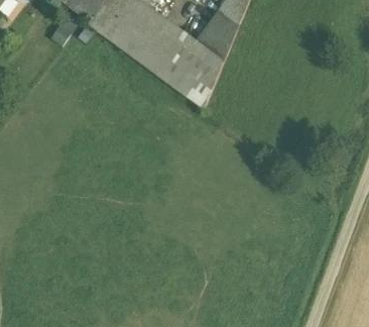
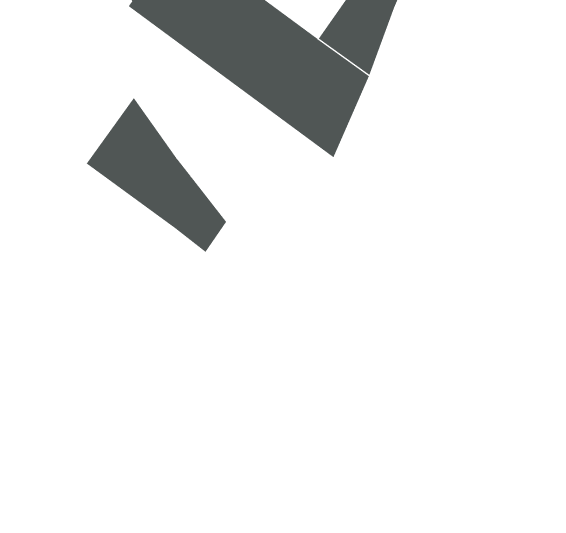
building: none -> [86,97,227,253]

